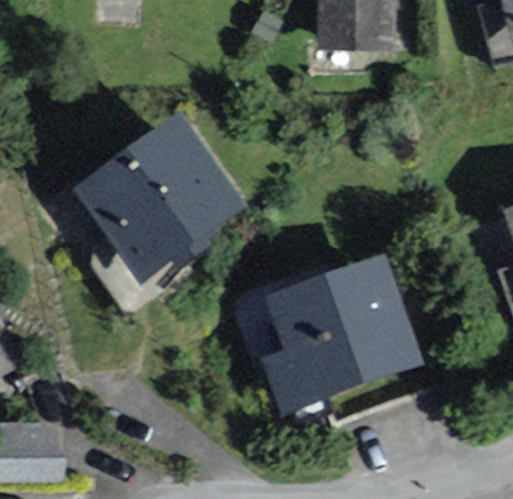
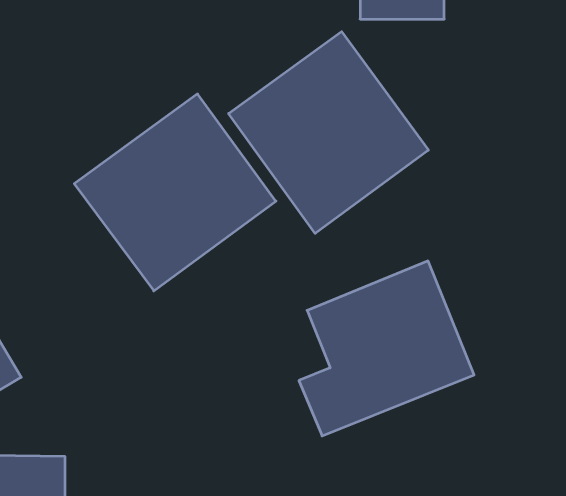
building: none -> [229,32,428,233]

